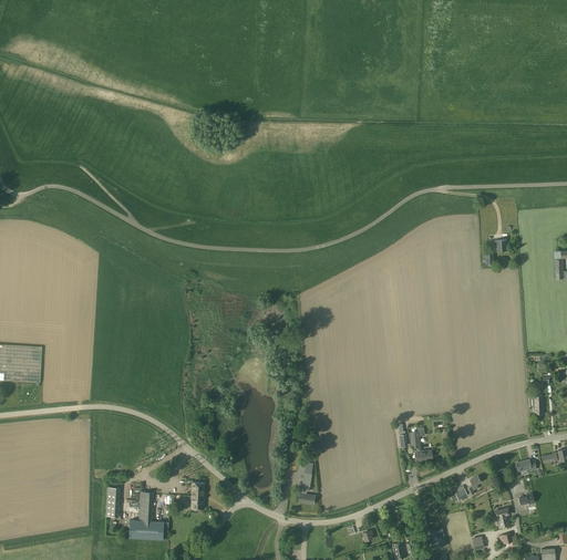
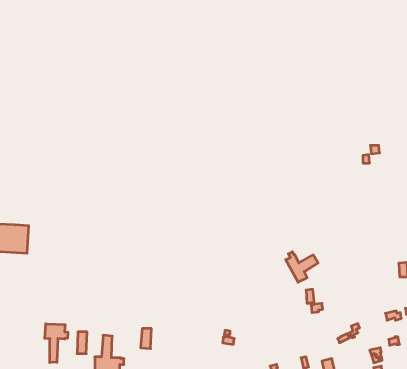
building: none -> [286,252,318,282]
building: none -> [45,324,68,363]

